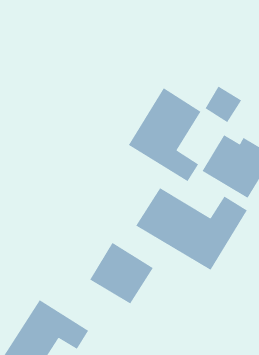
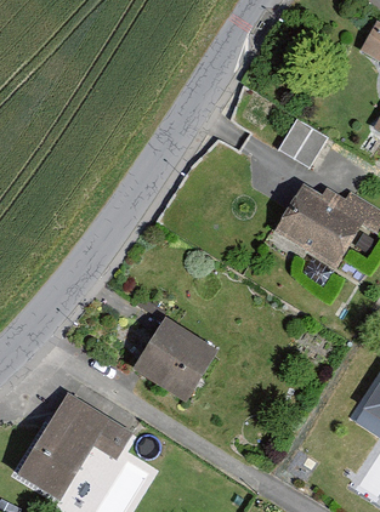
building: [128,87,202,182] -> none
building: [135,187,248,271] -> none

